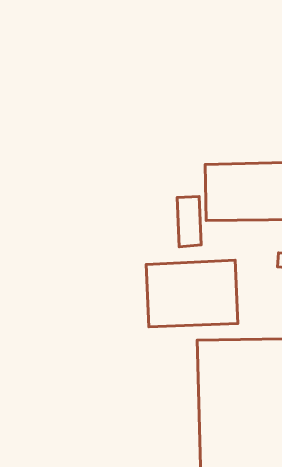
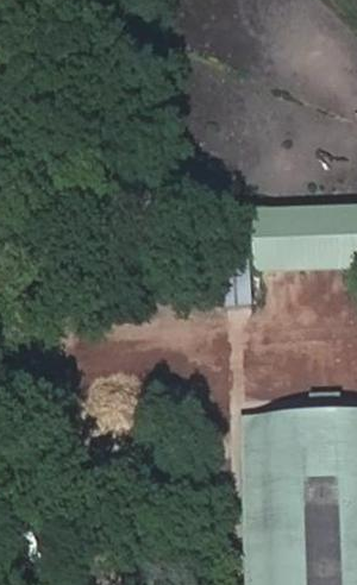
building: [146,260,238,327] -> none

